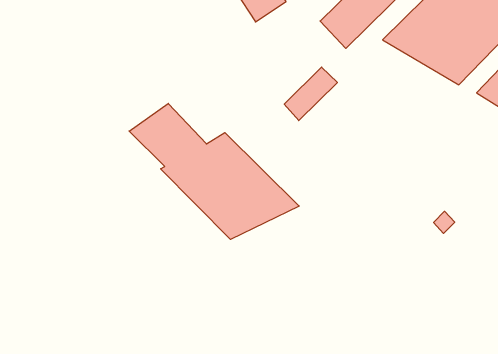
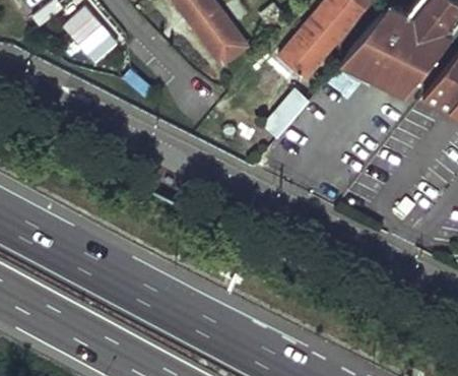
building: [129,103,299,239] -> none

